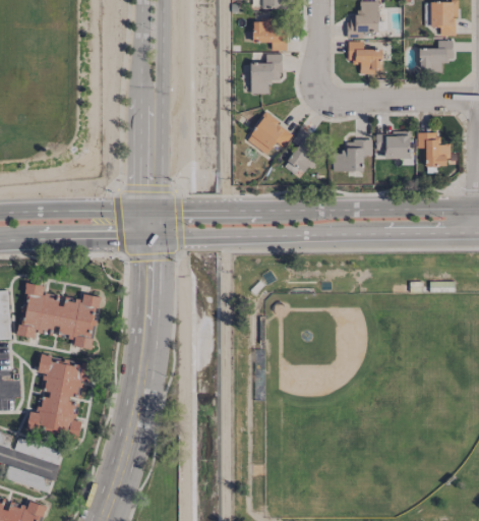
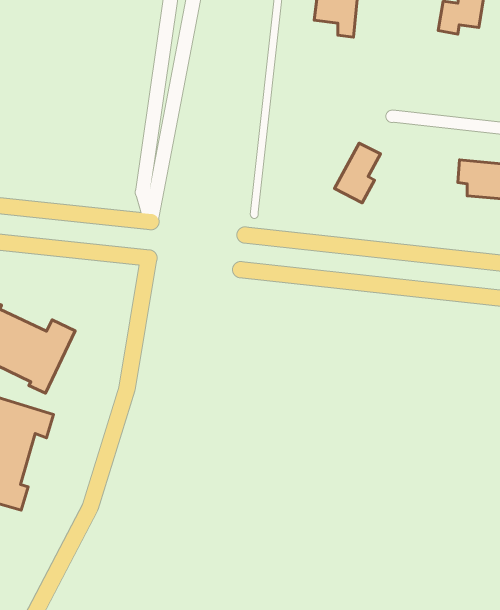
building: [348,42,383,74] -> none
building: [251,54,283,94] -> none
building: [247,114,294,155] -> none
building: [334,139,372,172] -> none

